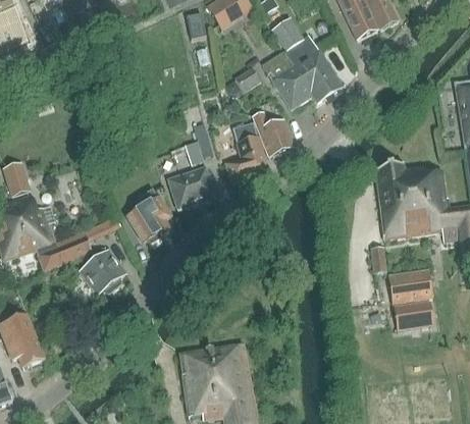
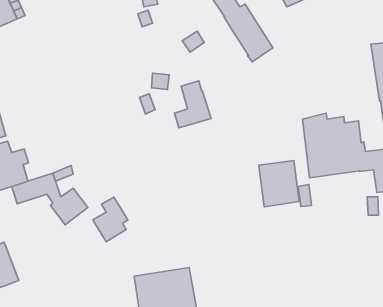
building: [262,51,312,109] -> none
building: [252,112,294,157] -> none
building: [167,167,214,210] -> none
building: [127,190,168,242] -> [93,197,128,242]
building: [387,269,434,323] -> [259,161,299,207]

